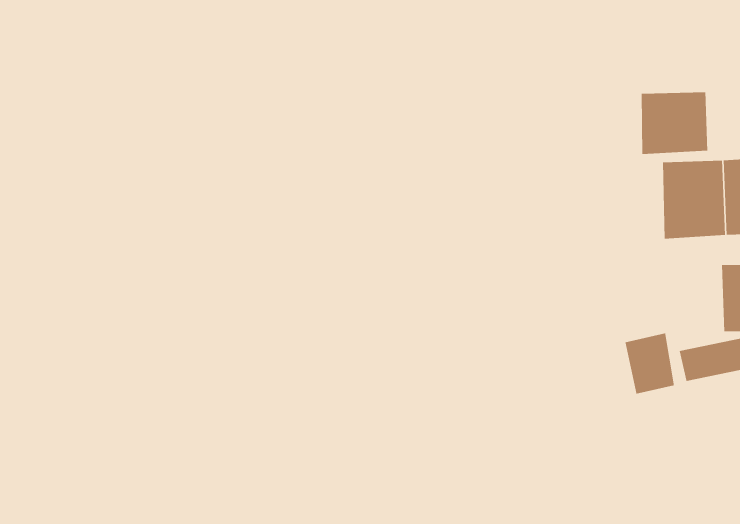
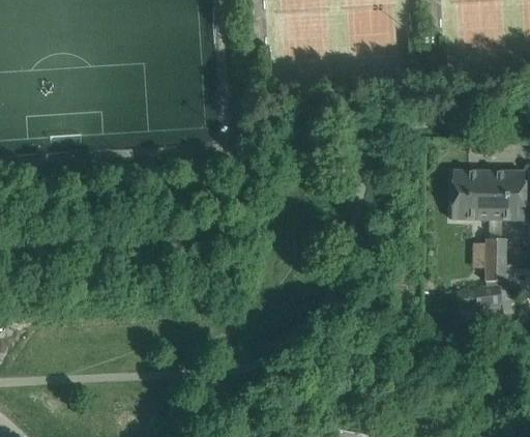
building: [641,91,708,155] -> none
building: [625,333,675,395] -> none

